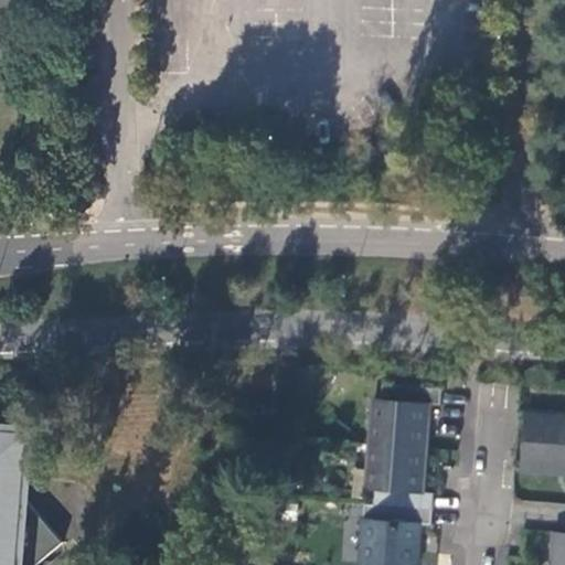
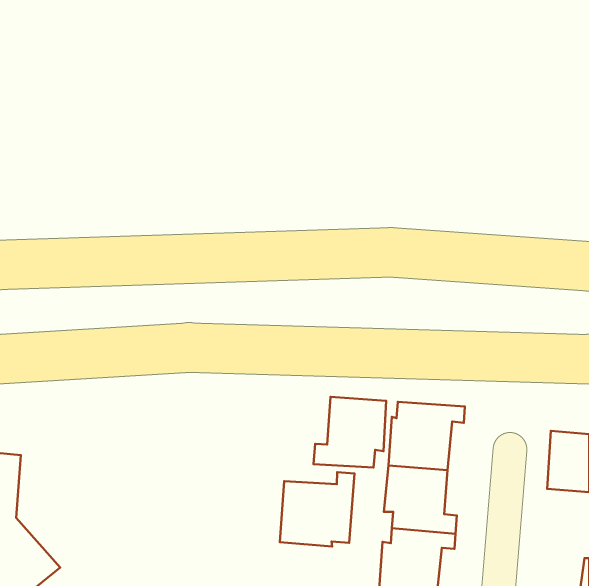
building: none -> [314,397,386,467]
building: none -> [280,472,355,546]

